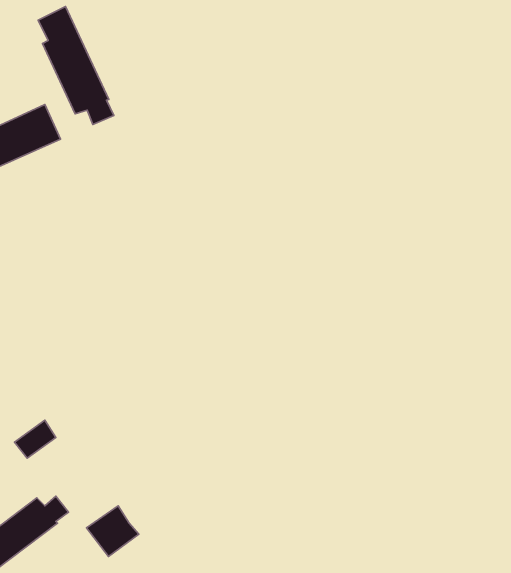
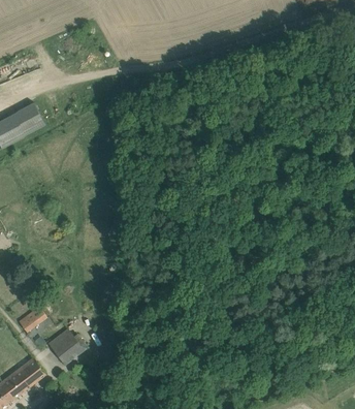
building: [38,6,114,124] -> none
building: [86,506,139,556] -> [46,329,80,363]

